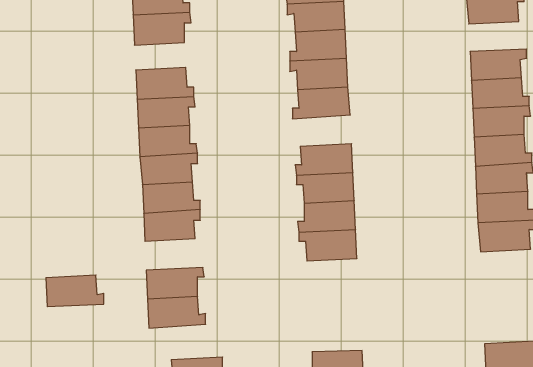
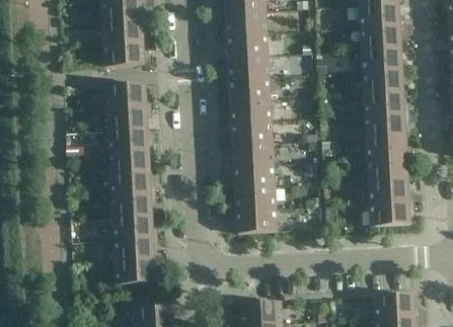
building: none -> [362,46,406,69]
building: none -> [226,117,272,142]
building: [46,275,104,307] -> [112,213,157,237]

